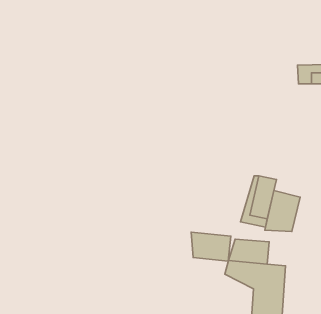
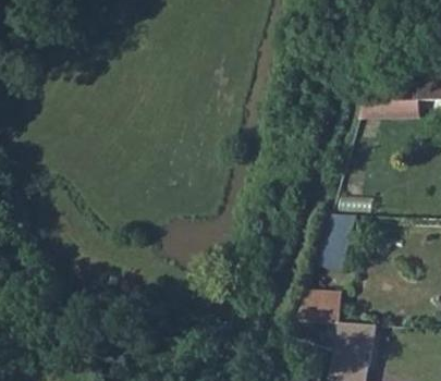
building: [265,191,300,232] -> none
building: [191,232,231,261] -> none

